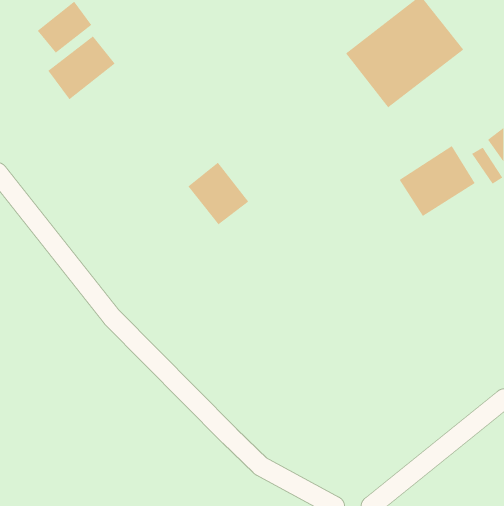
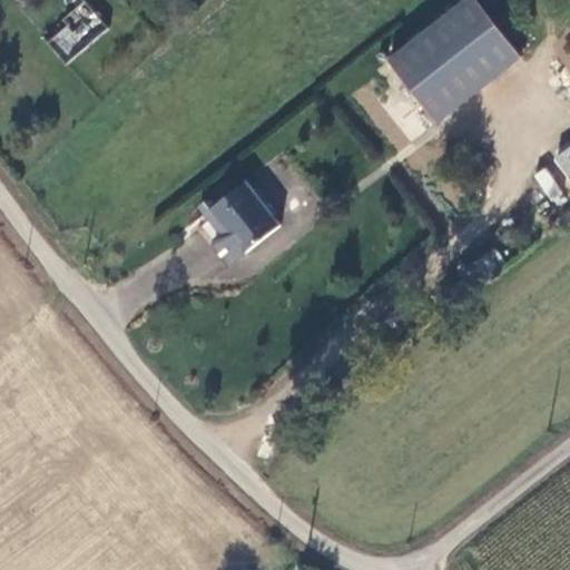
building: [47,35,115,100] -> none
building: [399,145,476,217] -> none

